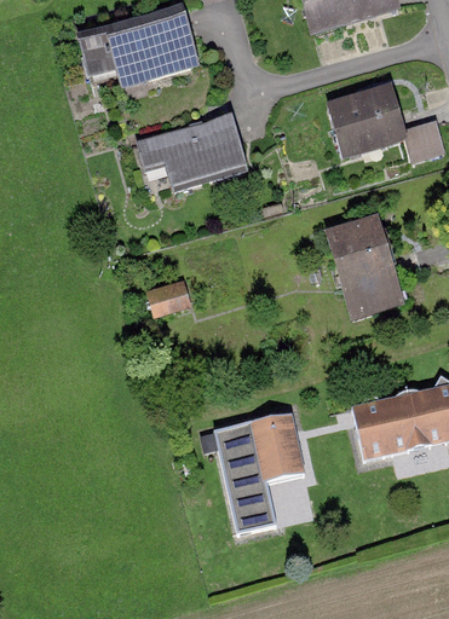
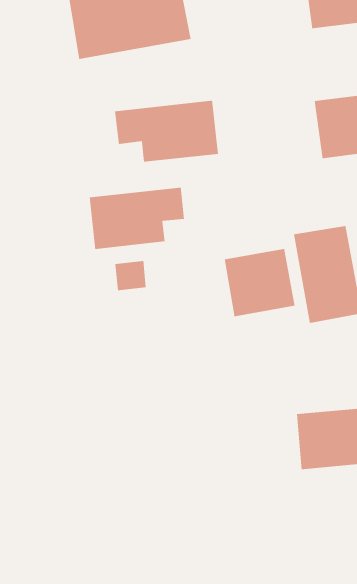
building: none -> [89,187,185,250]
building: none -> [224,248,295,317]
building: [212,411,316,537] -> none

